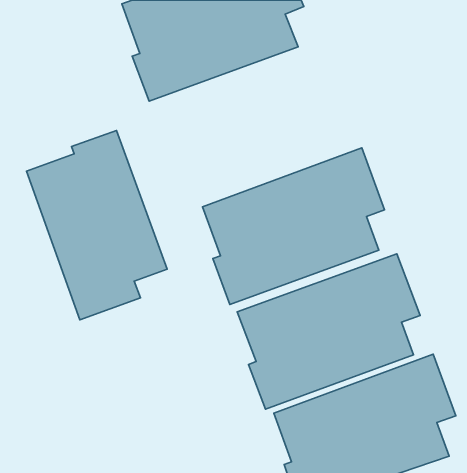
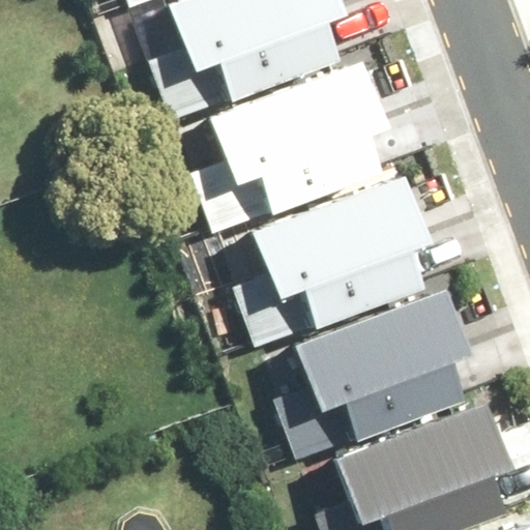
building: none -> [190,59,391,231]
building: [26,130,167,320] -> none

